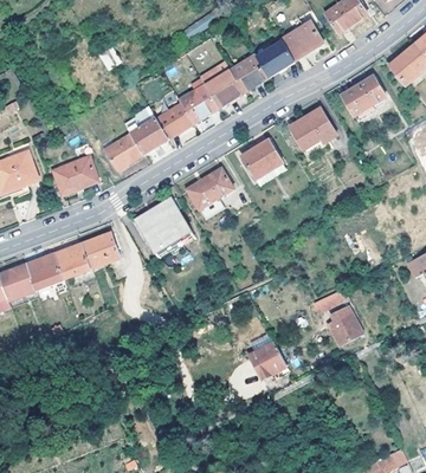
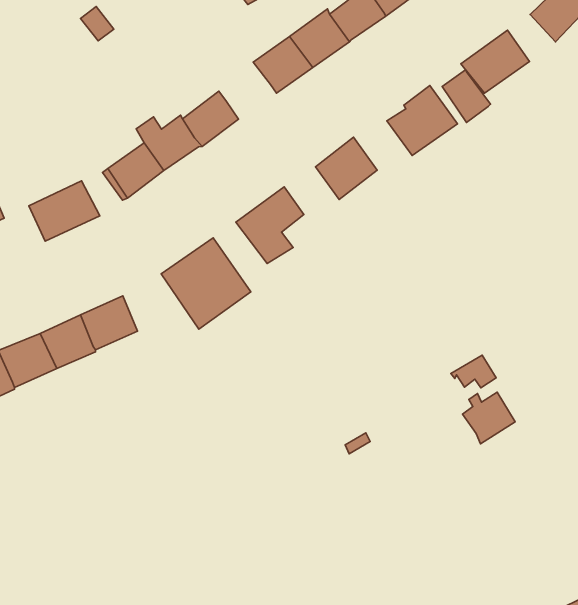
building: [179,84,219,122] -> none
building: none -> [442,70,491,123]
building: [247,341,286,378] -> none

